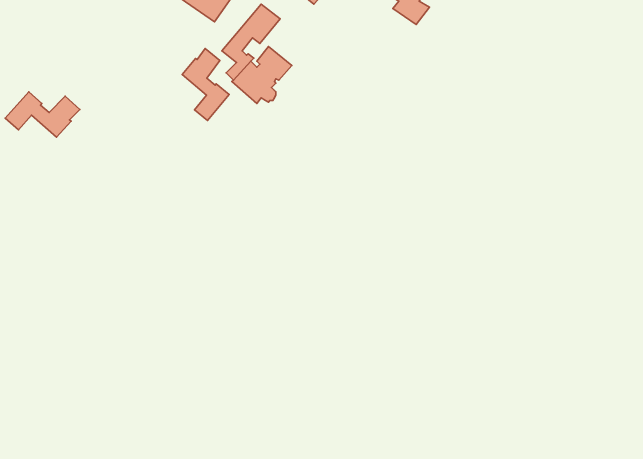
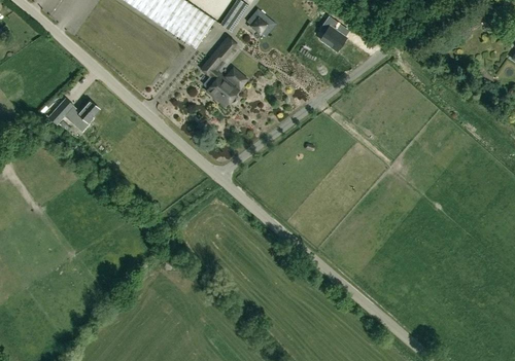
building: [182,48,229,120] -> none

